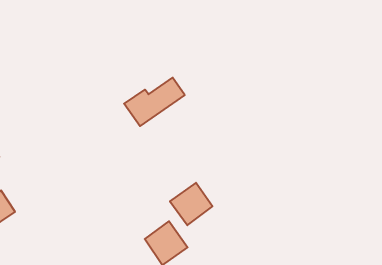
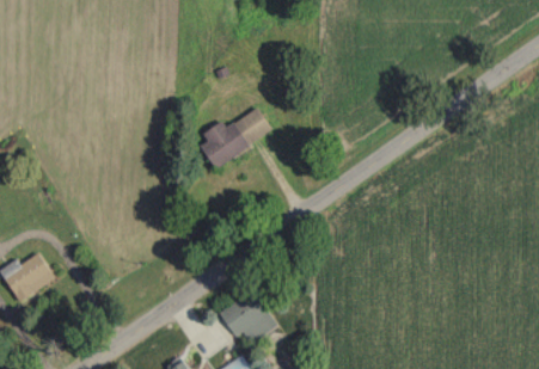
building: [170,183,212,225] -> none

